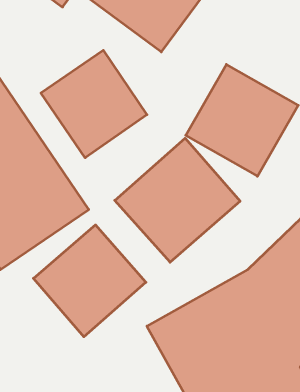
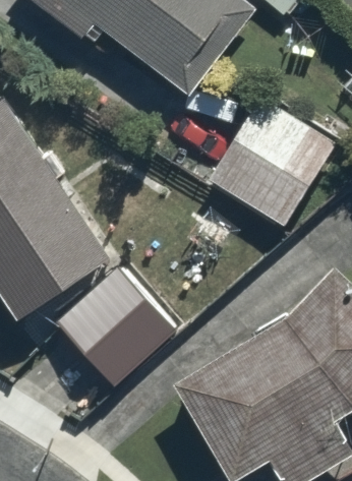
building: [41,50,147,158] -> none
building: [115,138,240,262] -> none

